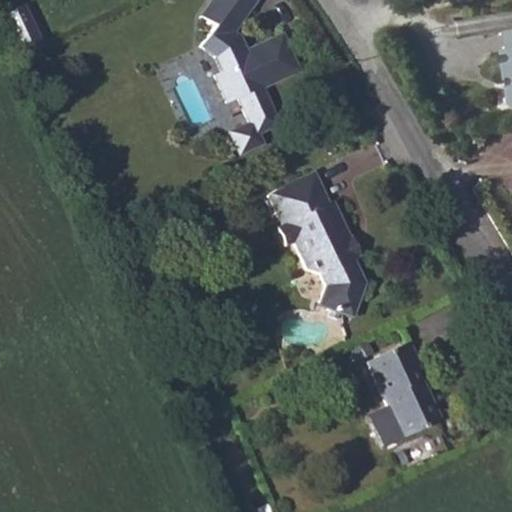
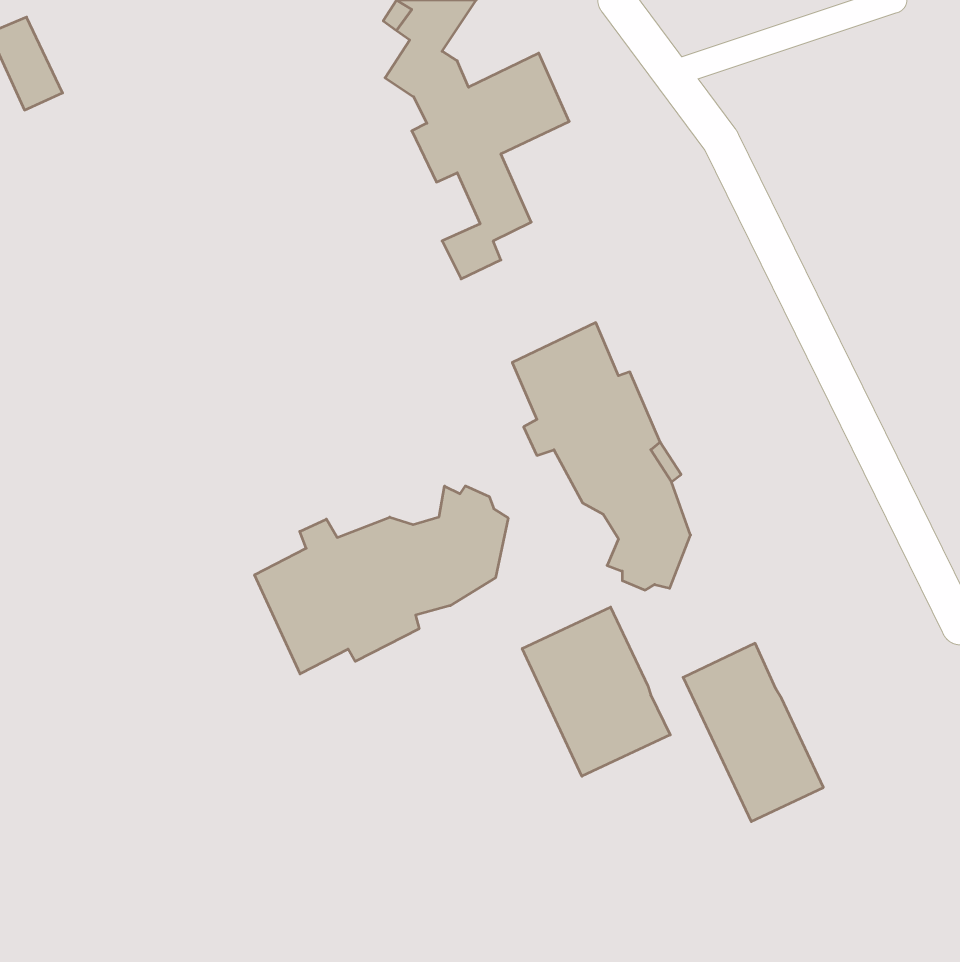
building: none -> [255,486,508,674]
building: none -> [522,607,670,776]

